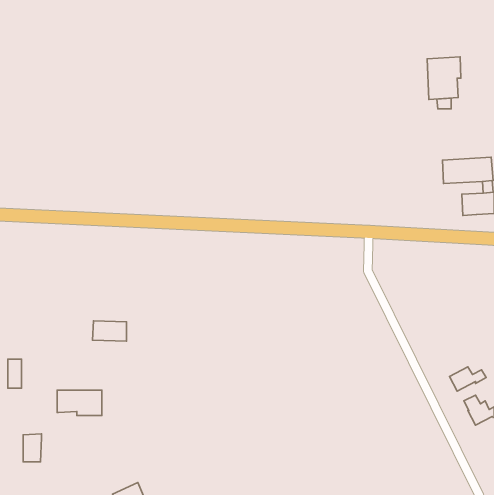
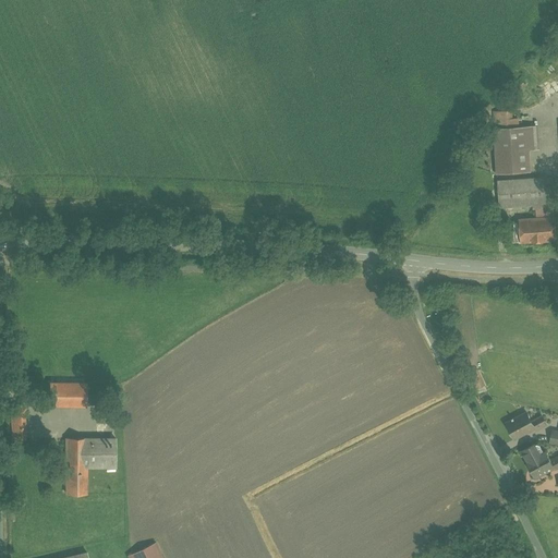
building: [427,57,461,100] -> [494,126,532,174]
building: [92,321,126,341] -> [48,384,86,407]
building: [23,434,42,462] -> [65,463,86,495]

